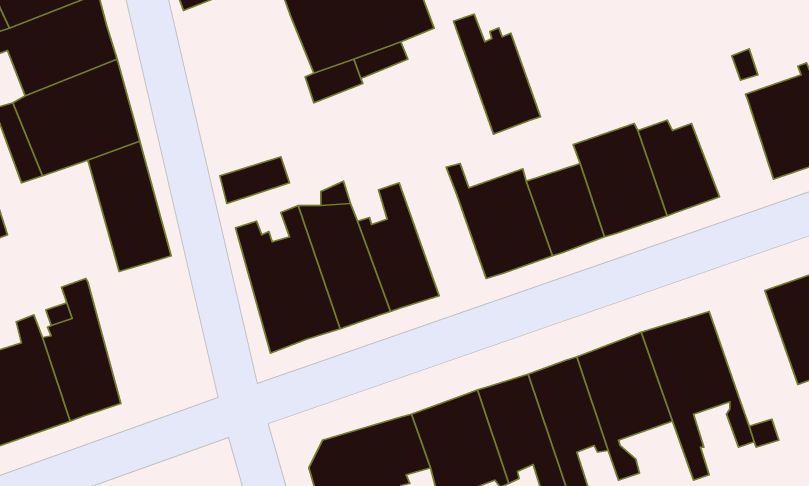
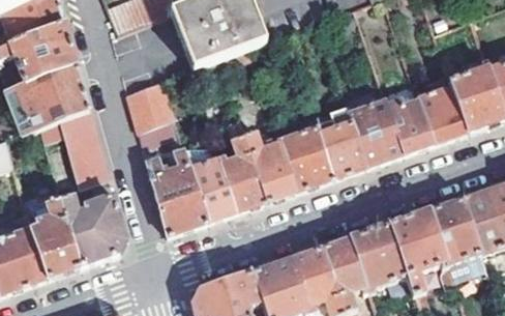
building: [453,14,540,134] -> [244,130,296,201]
building: none -> [127,81,174,130]
building: none -> [418,84,467,142]
building: none -> [59,177,127,265]
building: none -> [428,198,481,264]

